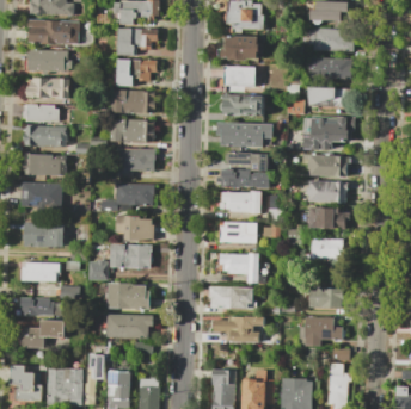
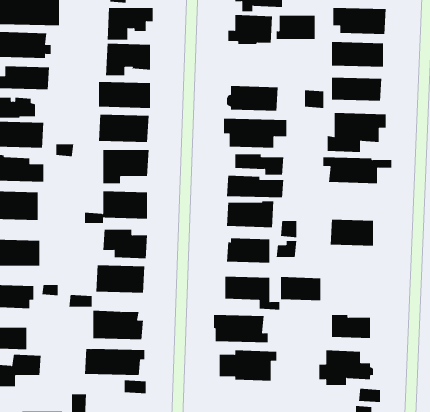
building: [222,66,256,86] -> [276,15,316,39]
building: [303,180,345,202] -> none
building: [309,237,344,258] -> [280,277,321,301]

